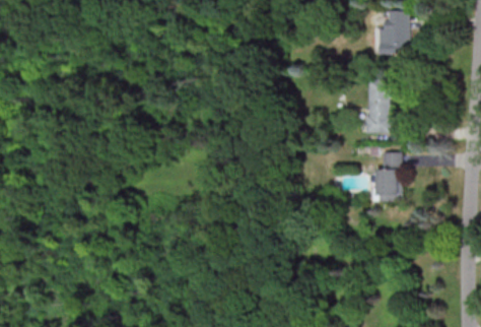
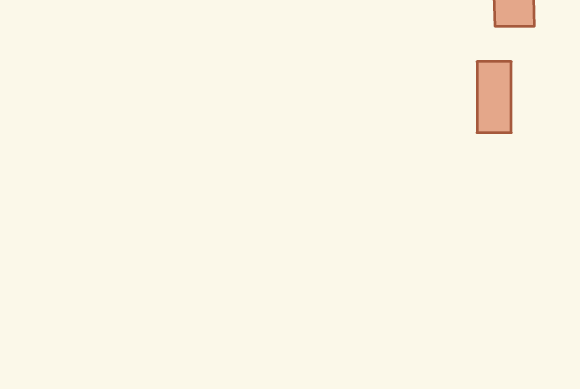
building: [376,153,402,203] -> none

